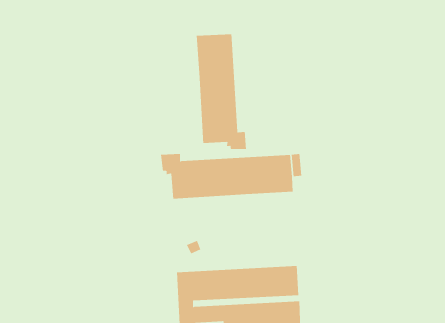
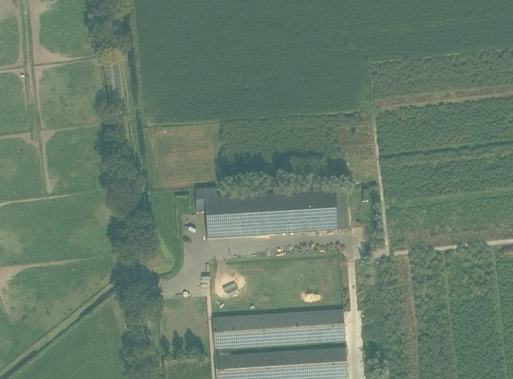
building: [196,33,246,150] -> none

